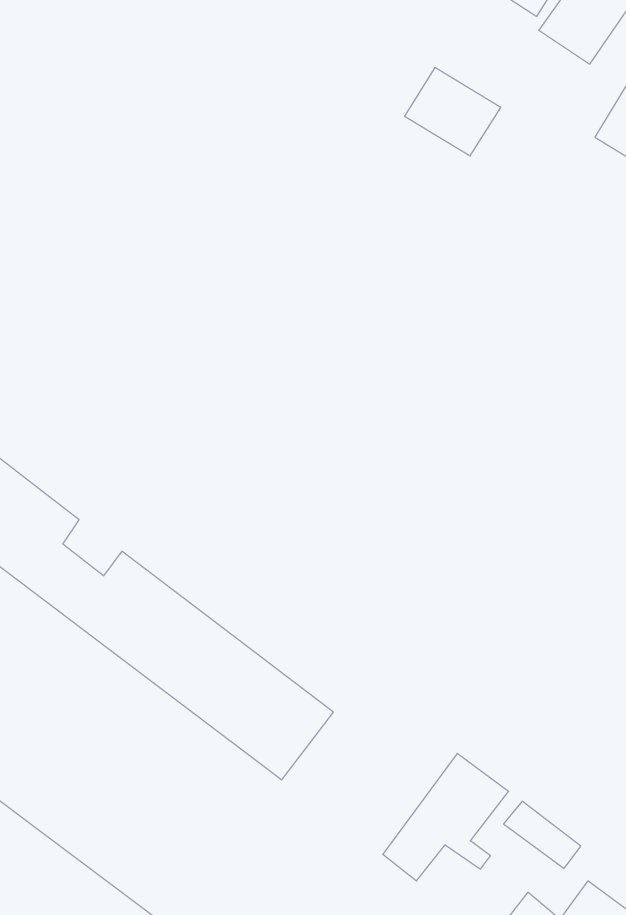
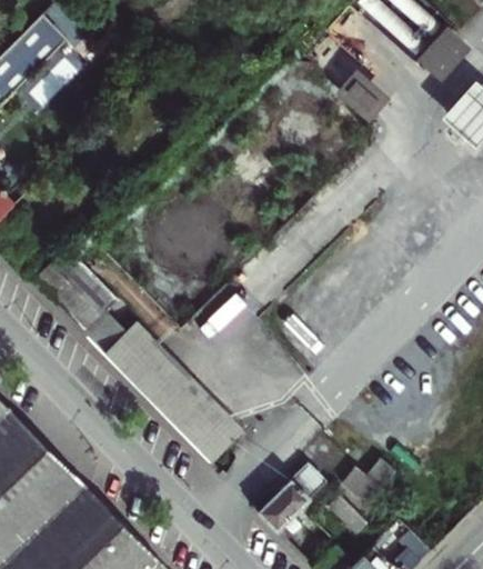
building: none -> [346,459,399,502]

